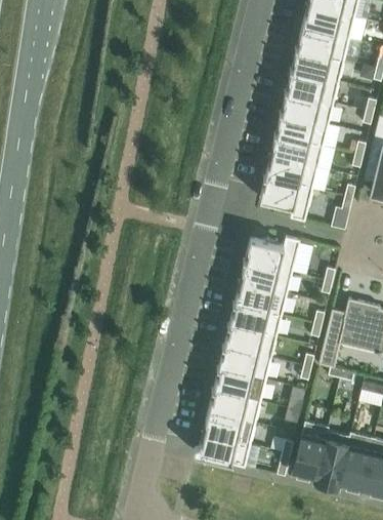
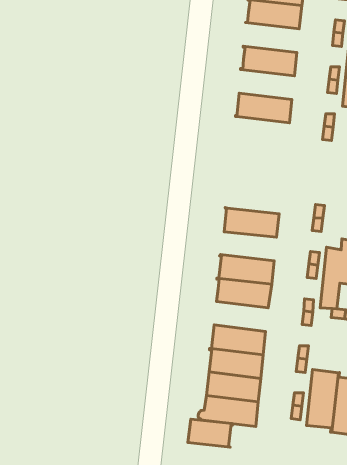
building: [279,91,333,125] -> none
building: [269,134,323,168] -> none
building: [259,177,312,222] -> none
building: [243,237,313,275] -> none
building: [232,283,287,316] -> none
building: [218,347,270,381] -> none
building: none -> [188,419,233,447]

